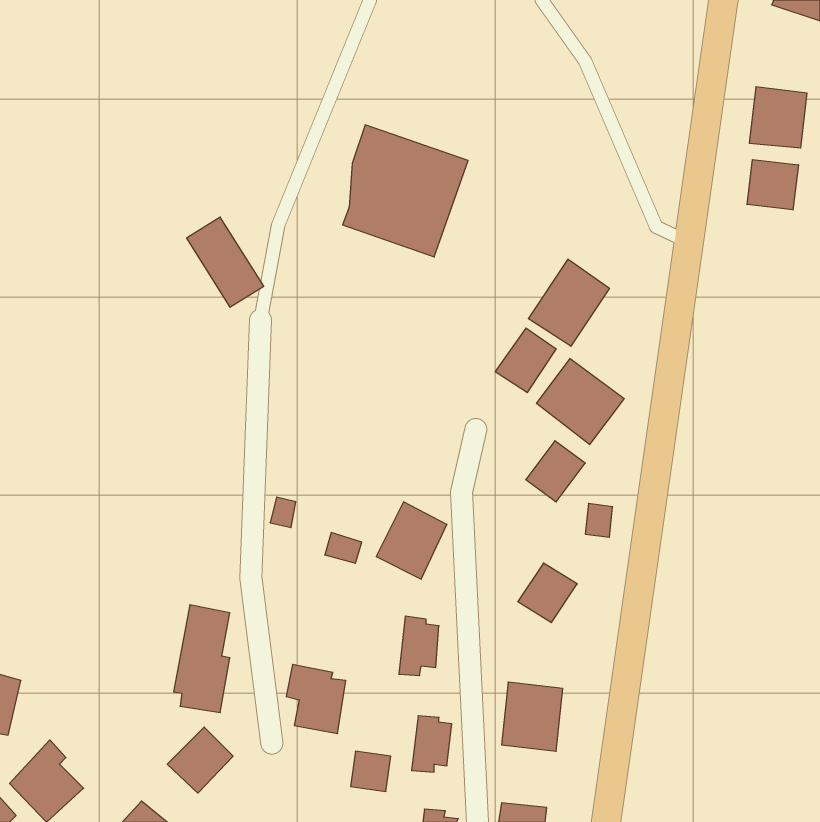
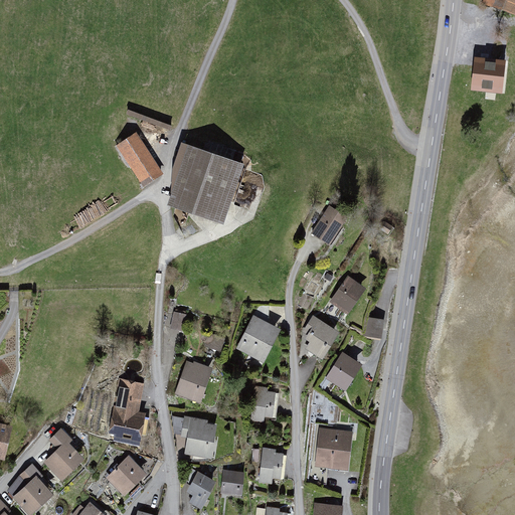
building: [343,125,468,257] -> [169,149,247,231]
building: [747,160,798,210] -> none
building: [528,259,609,346] -> none
building: [537,359,624,445] -> none
building: none -> [301,314,339,359]
building: none -> [174,358,212,402]
building: none -> [44,427,87,483]
building: none -> [186,472,217,510]

